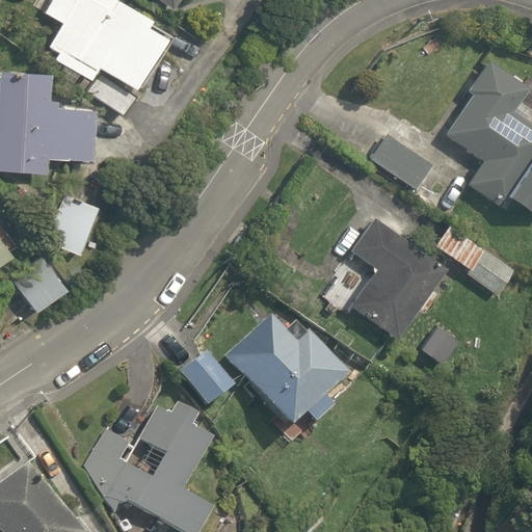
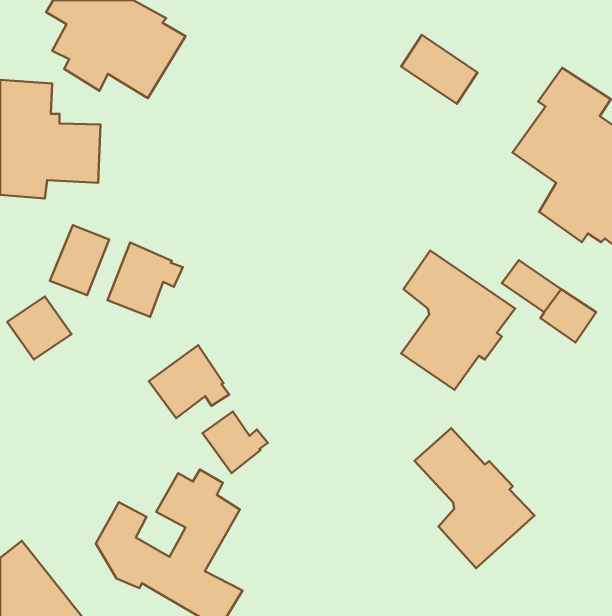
building: [371,133,436,192] -> [401,35,477,104]
building: none -> [107,243,183,317]
building: none -> [149,345,229,418]
building: [224,318,344,429] -> none
building: none -> [414,428,534,568]

